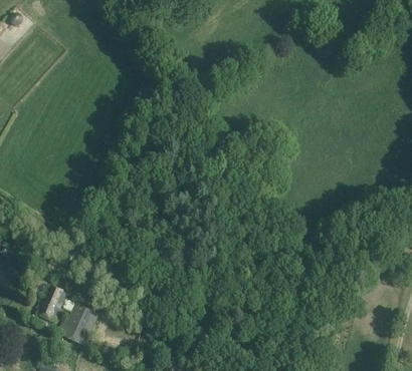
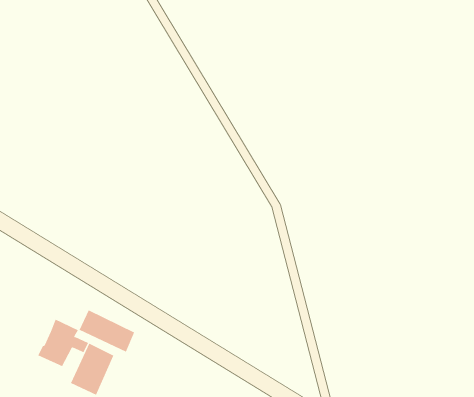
building: none -> [79,309,135,352]

